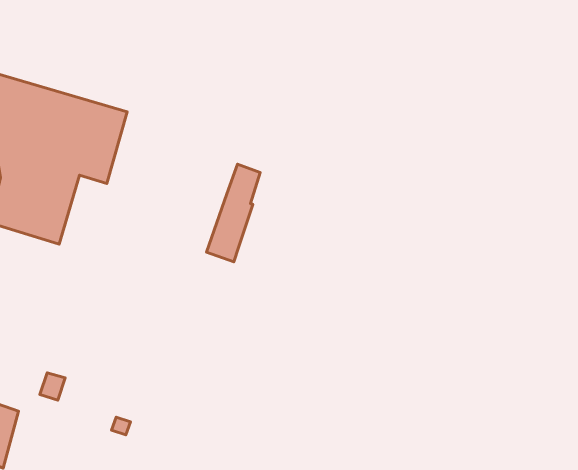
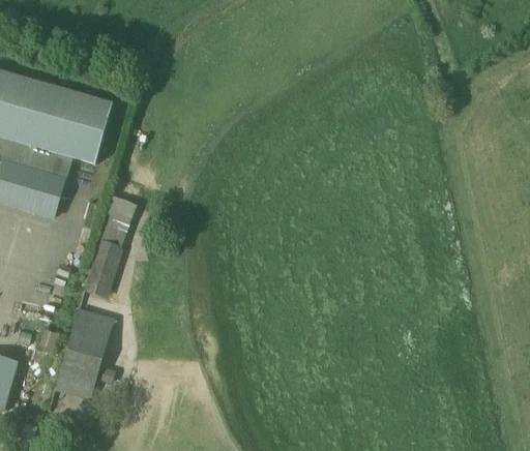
building: [206,164,260,262] -> [84,212,130,297]
building: none -> [56,309,111,395]

